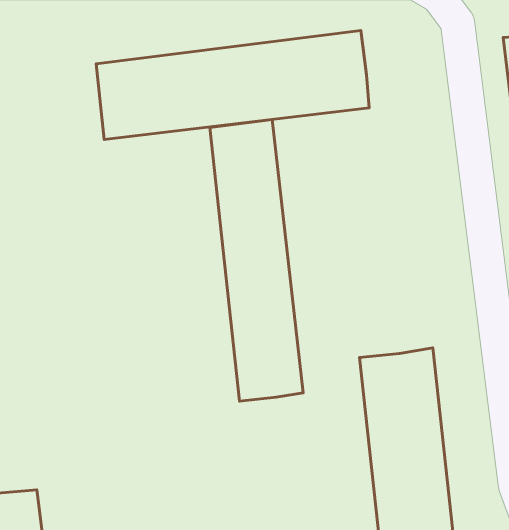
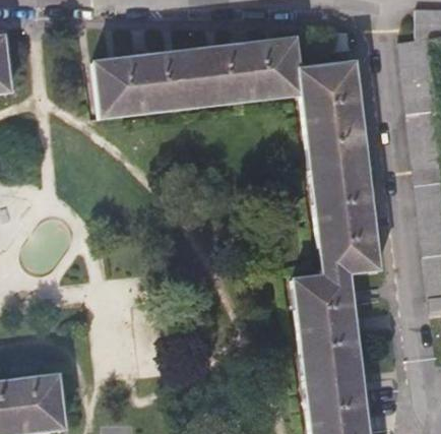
building: none -> [301,60,379,273]
building: [210,120,303,401] -> none

